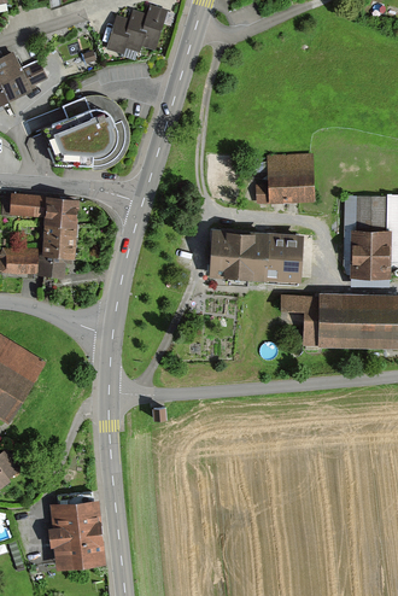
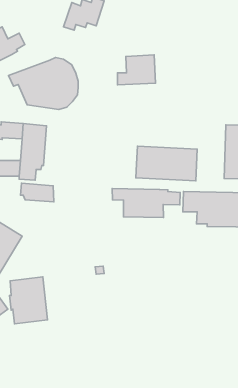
building: [254,160,311,205] -> [118,55,156,85]
building: none -> [20,183,54,202]
building: none -> [112,188,180,218]
building: [48,498,105,568] -> [10,277,48,324]

